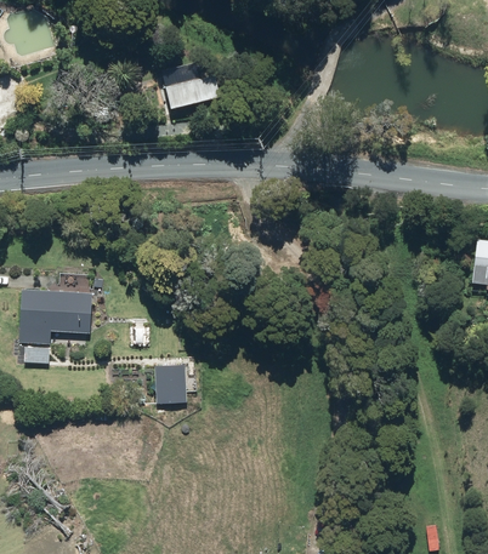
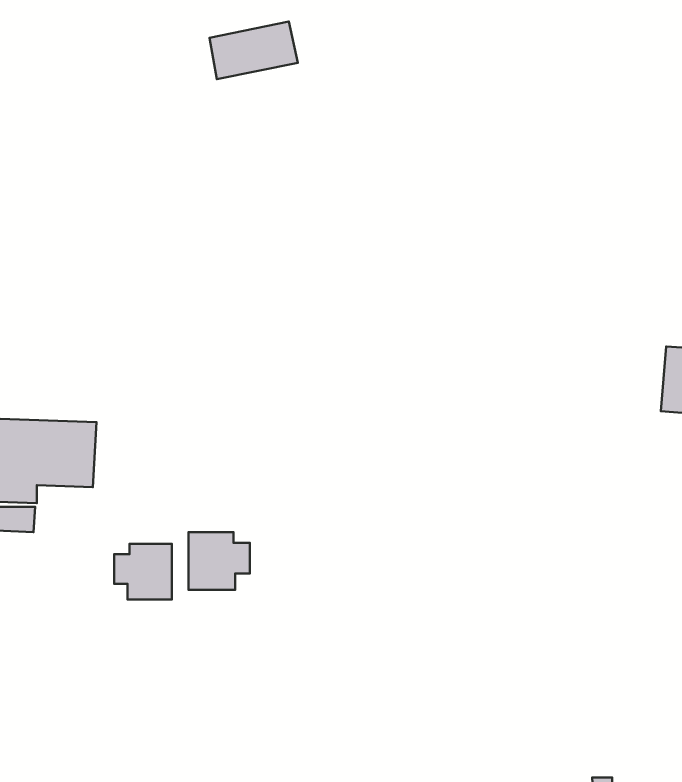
building: [163,70,222,109] -> [210,21,298,79]
building: none -> [114,544,172,600]

